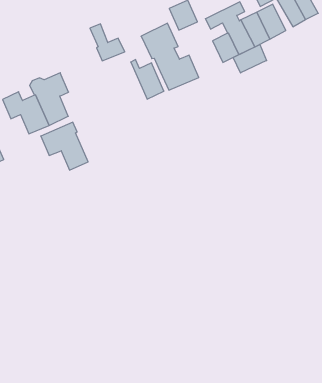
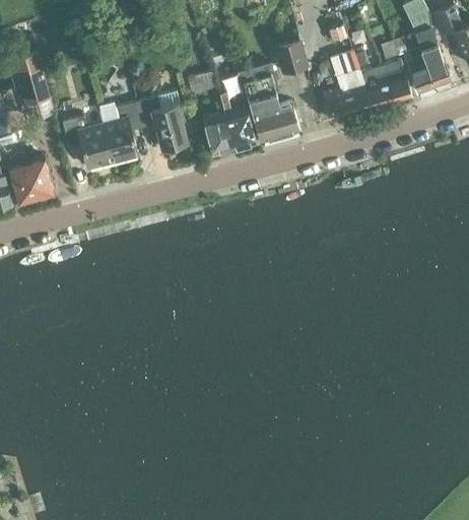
building: [233,44,267,73] -> none
building: none -> [201,104,232,156]
building: [41,122,88,170] -> [135,92,186,148]

